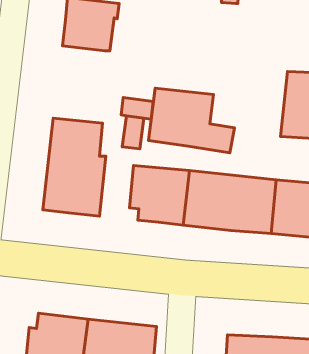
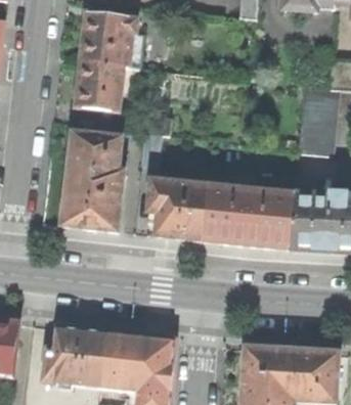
building: none -> [77,60,124,109]
building: [149,88,234,153] -> none

